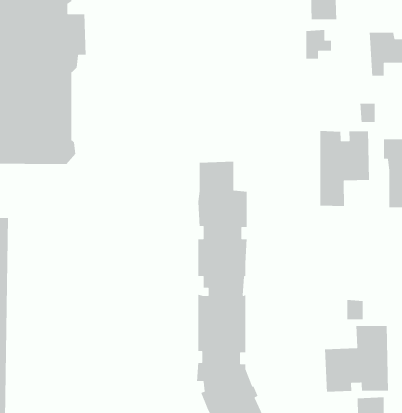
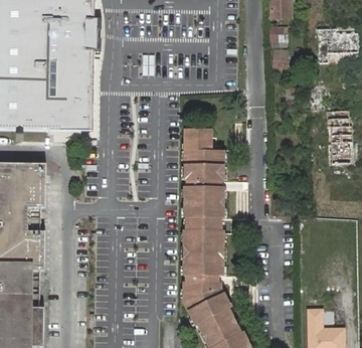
building: [320,130,370,207] -> none
building: [324,325,389,392] -> none

